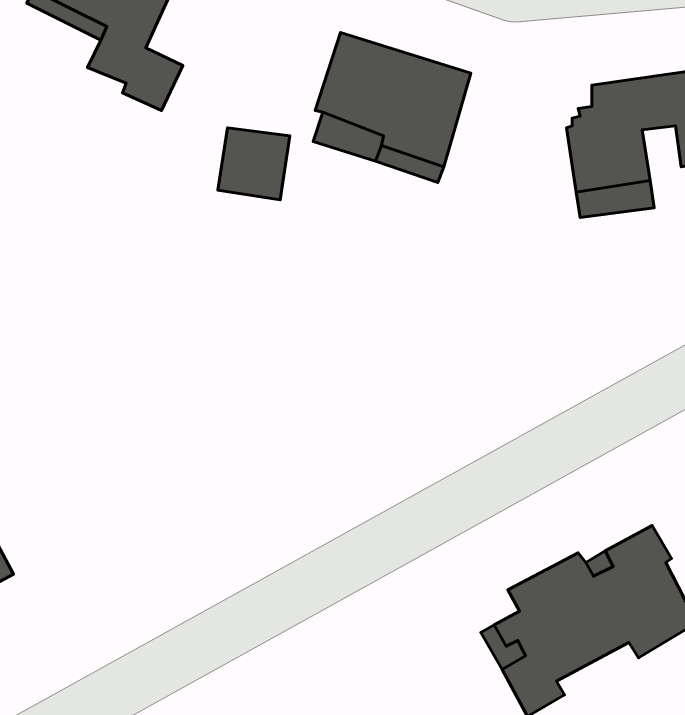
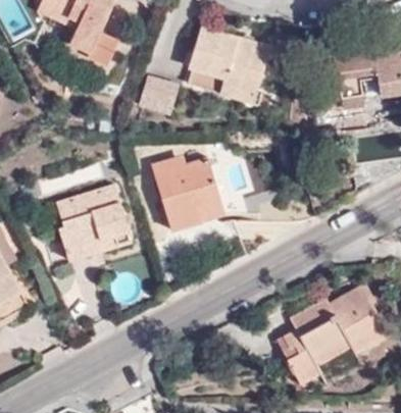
building: none -> [151,156,222,230]
building: none -> [57,185,130,261]

